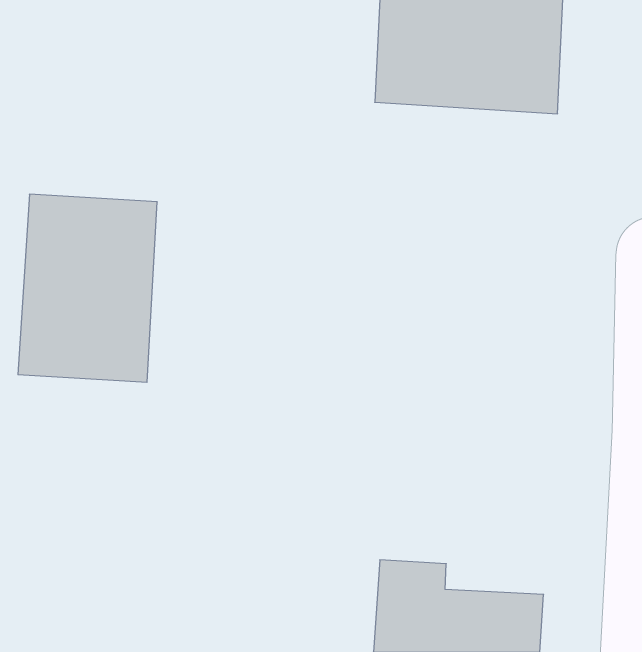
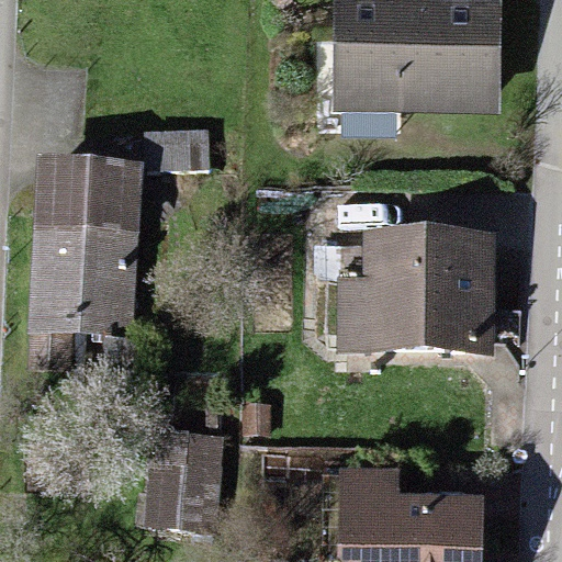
building: none -> [338,243,502,346]
building: none -> [144,442,221,540]

